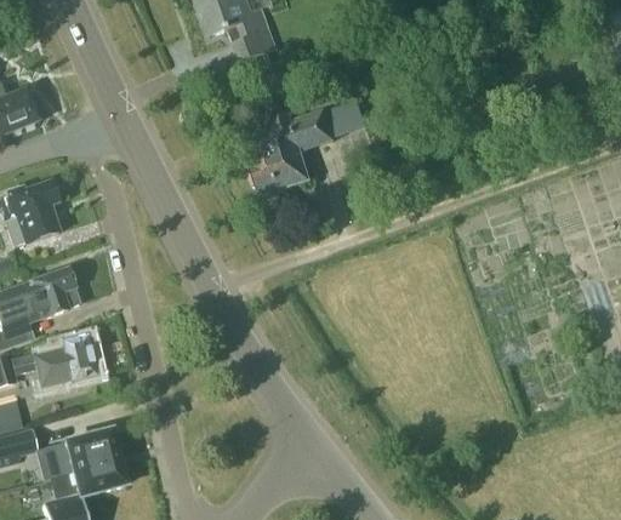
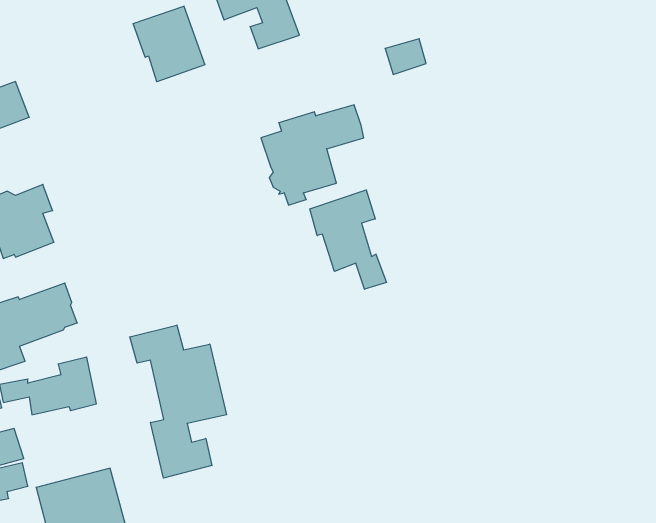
building: none -> [133,6,205,82]
building: [325,101,361,132] -> [385,39,426,74]
building: none -> [310,190,386,289]
building: none -> [130,325,227,478]

